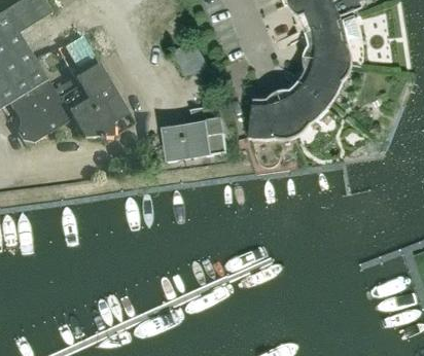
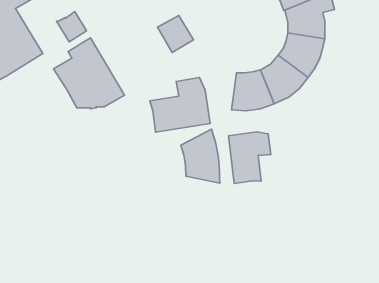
building: [9,76,78,145] -> none
building: none -> [181,129,220,183]
building: none -> [228,132,271,184]

